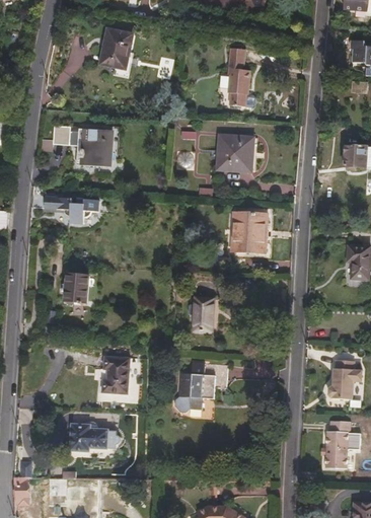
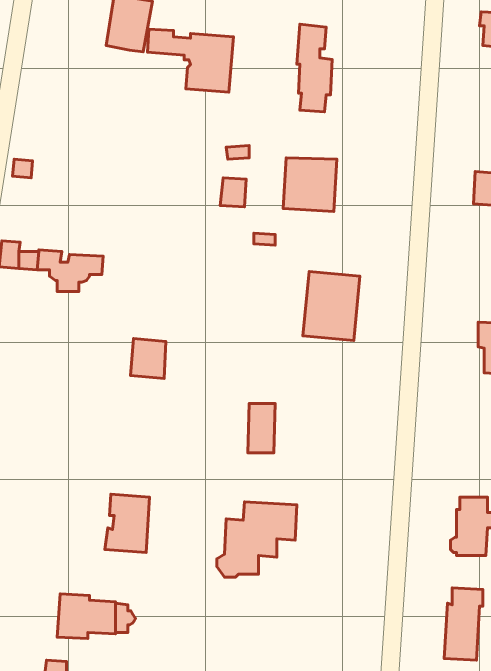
building: [55,125,112,166] -> [147,29,233,92]
building: [66,275,89,301] -> [131,339,166,378]

